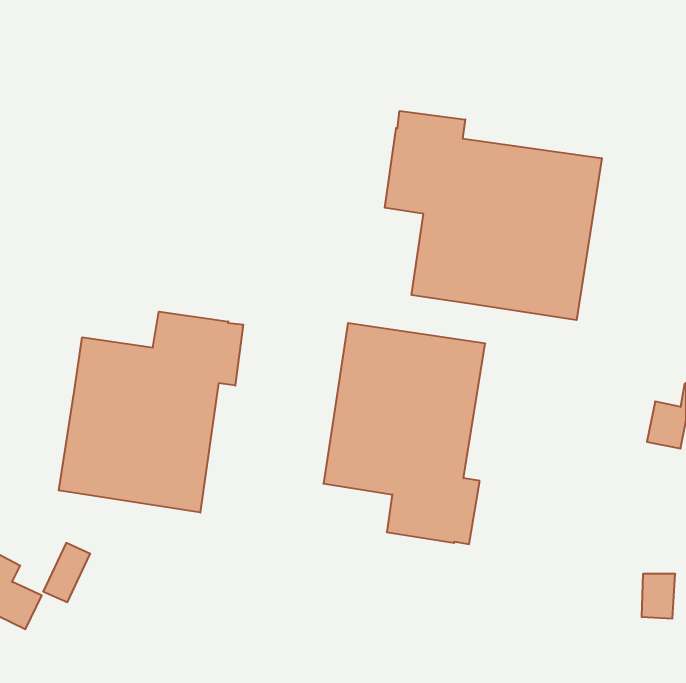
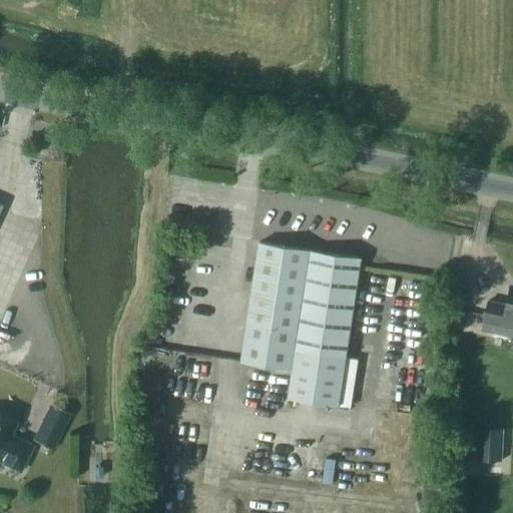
building: [385,111,602,320] -> none
building: [59,312,243,513] -> none

